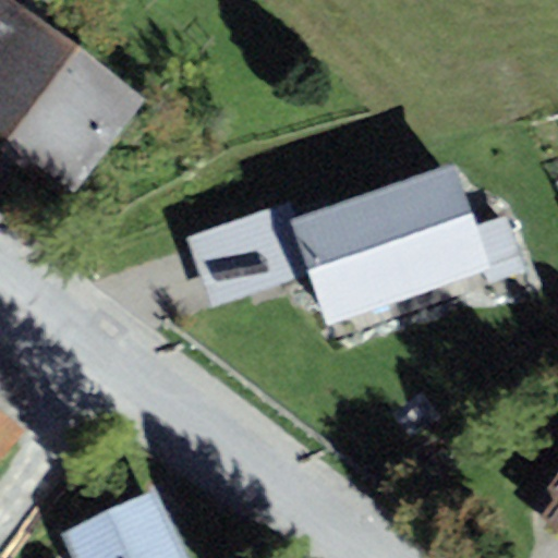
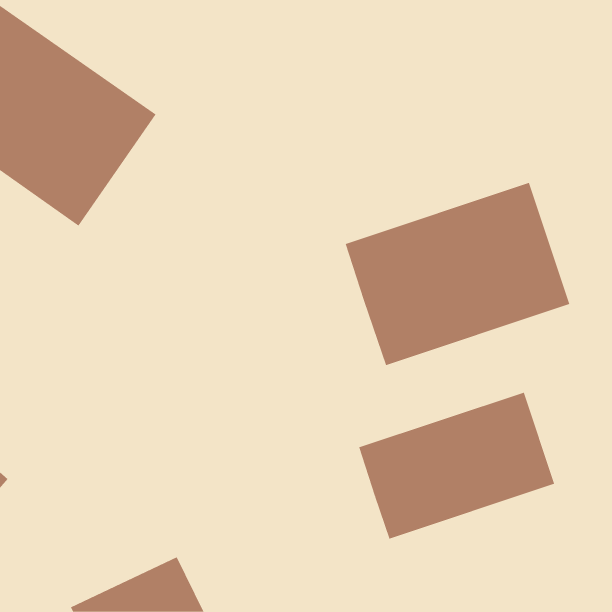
building: [189,194,322,302] -> none
building: none -> [358,392,555,539]

